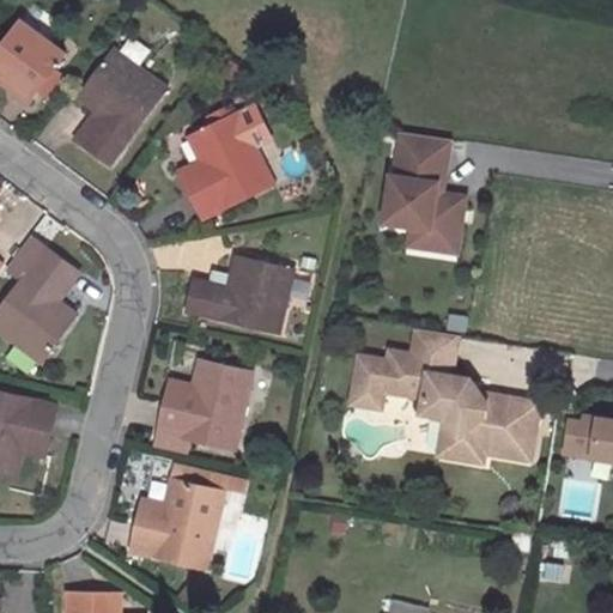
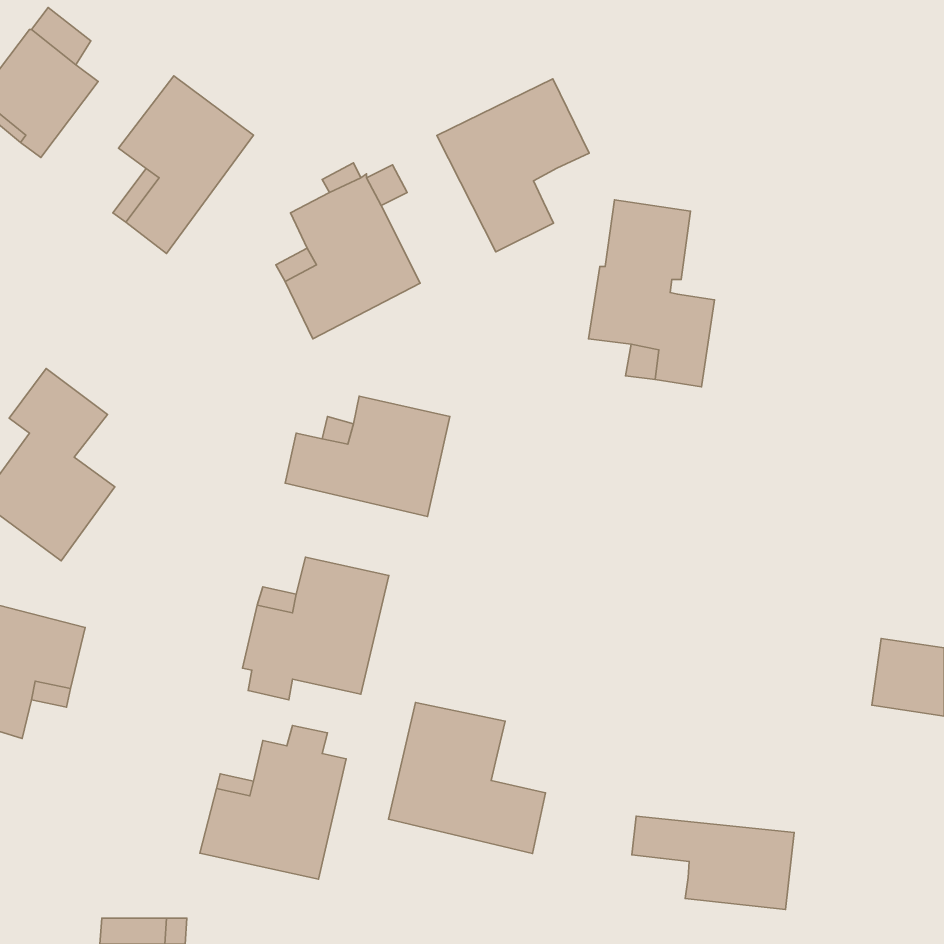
building: none -> [437,79,589,252]
building: [350,329,544,468] -> none
building: none -> [389,702,545,854]
building: none -> [632,816,794,910]

